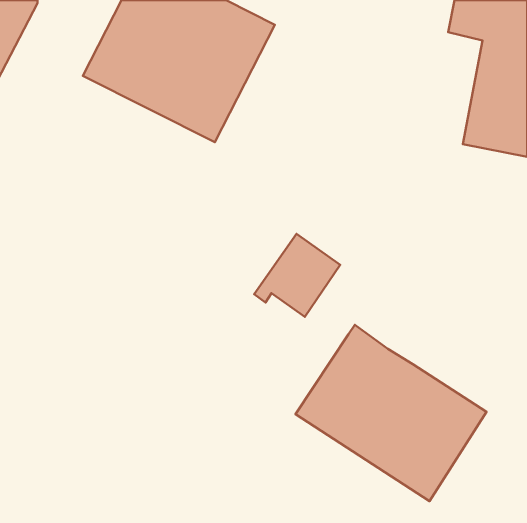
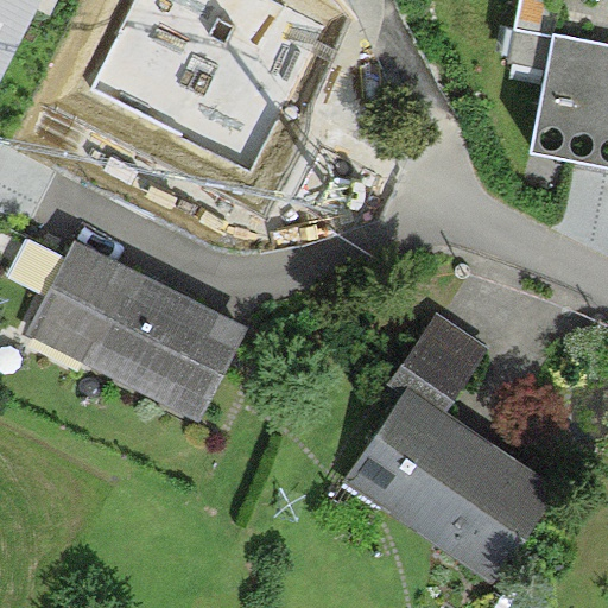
building: none -> [23,234,248,426]
building: [254,234,340,317] -> [386,312,484,407]

